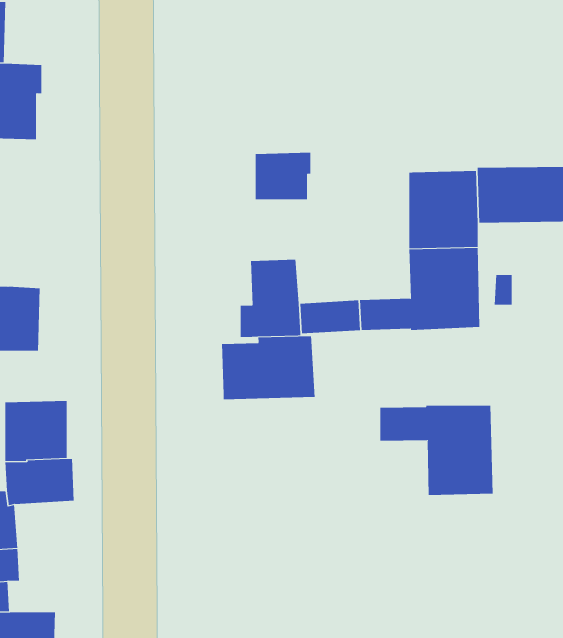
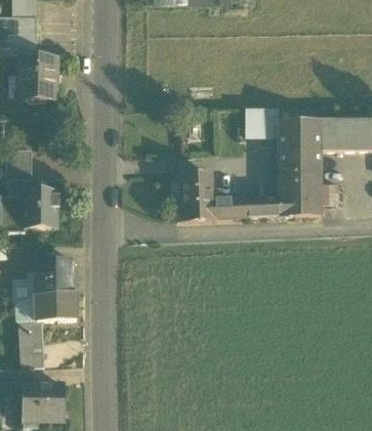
building: [255,152,311,200] -> [246,106,280,135]
building: [222,335,315,400] -> none
building: [380,405,493,496] -> none

